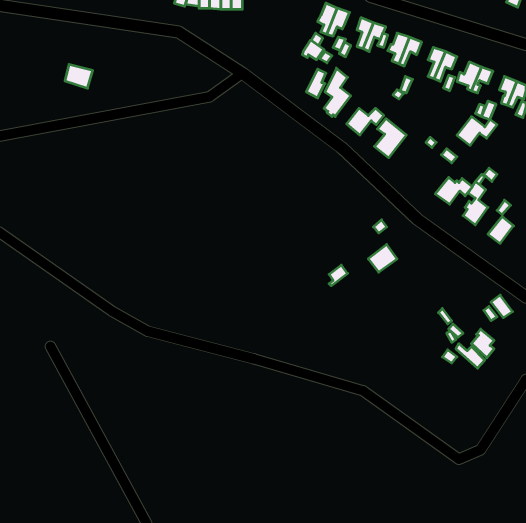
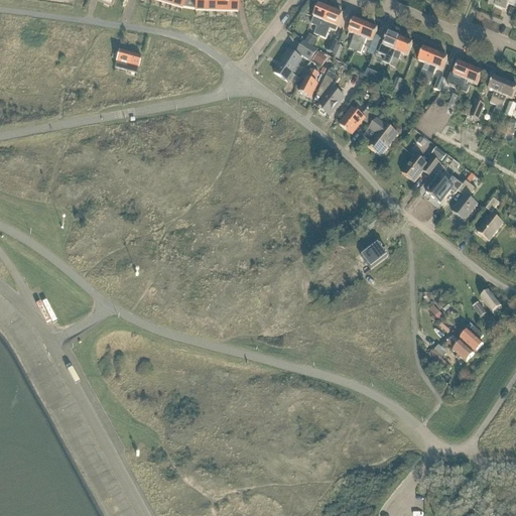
building: none -> [273,48,301,79]
building: [65,64,93,88] -> [114,47,141,71]
building: [457,117,497,145] -> [400,152,439,180]

